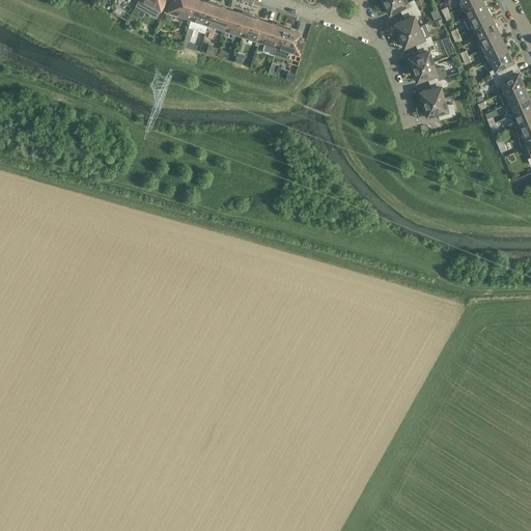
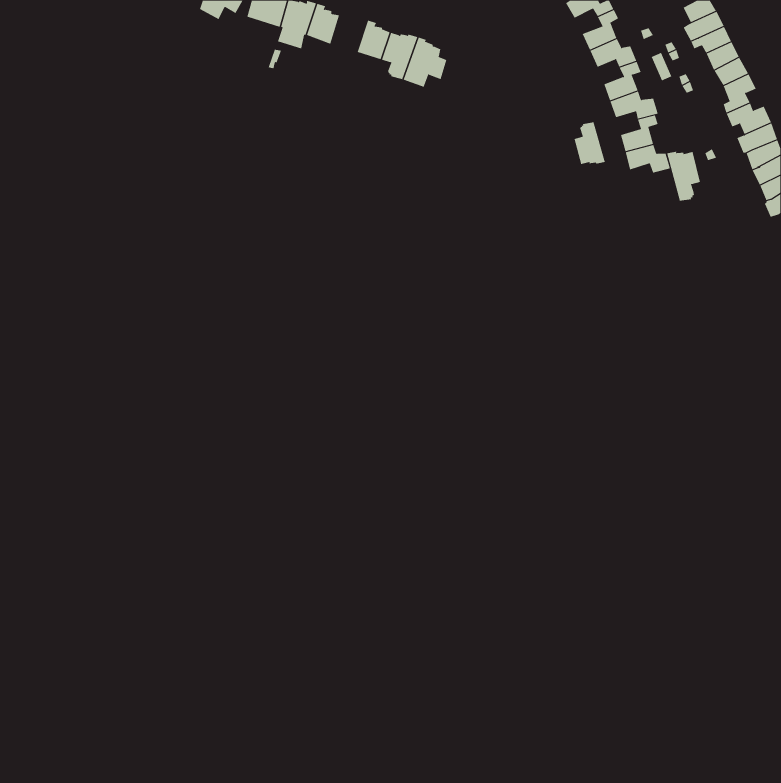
building: [224,10,249,35] -> none
building: none -> [574,122,605,165]
building: none -> [667,151,701,202]

